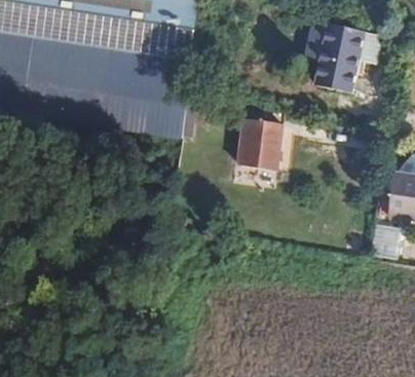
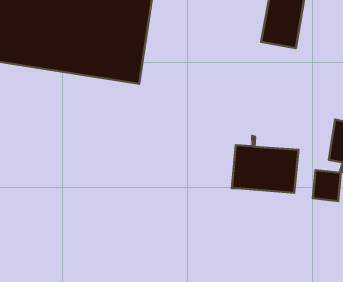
building: [235,117,282,169] -> none
building: none -> [232,136,299,193]

